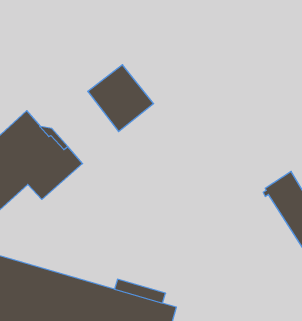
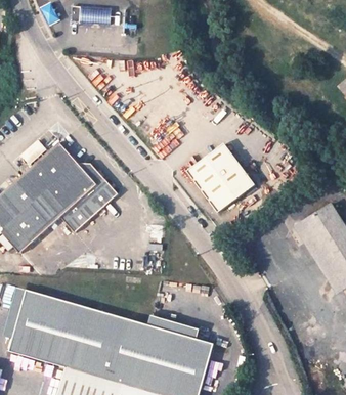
building: [88,65,154,132] -> [186,144,254,213]

